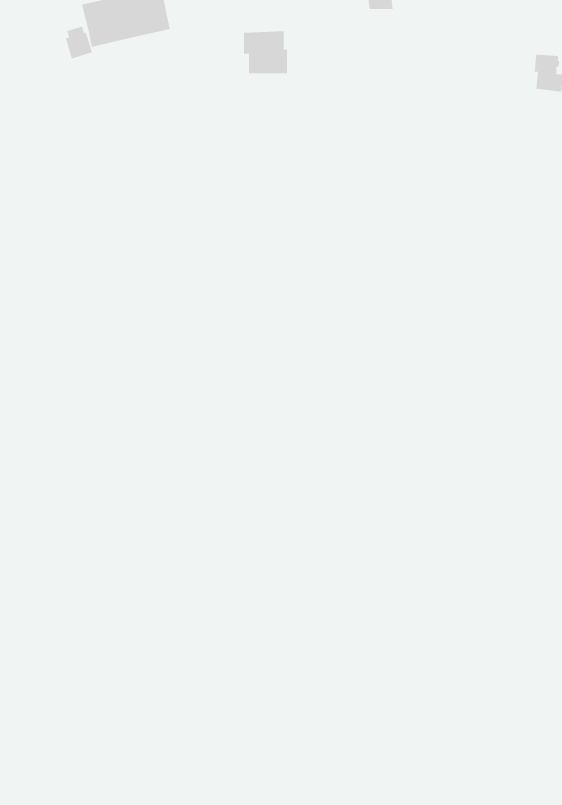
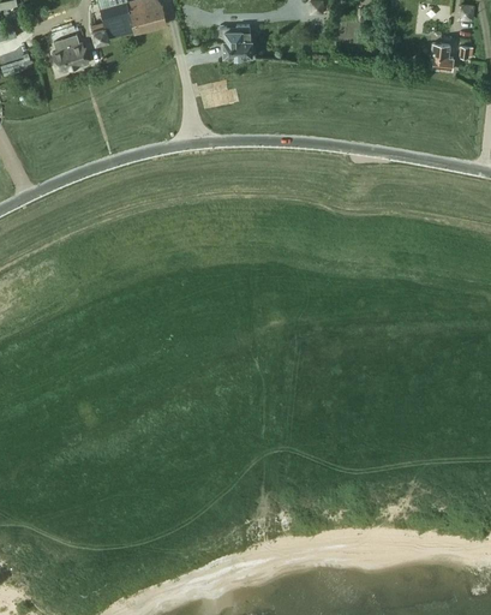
building: none -> [52,40,88,70]

